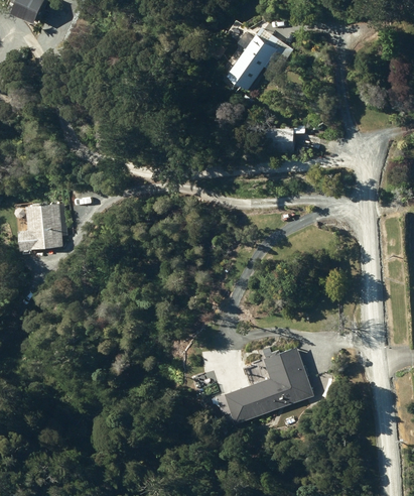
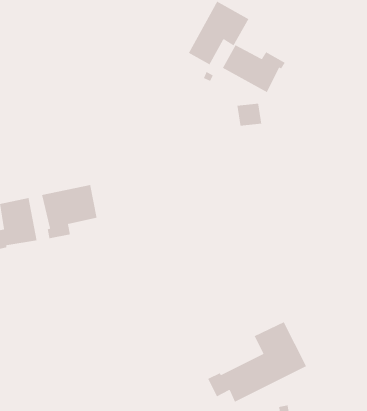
building: none -> [222,44,286,93]
building: none -> [41,184,98,239]

